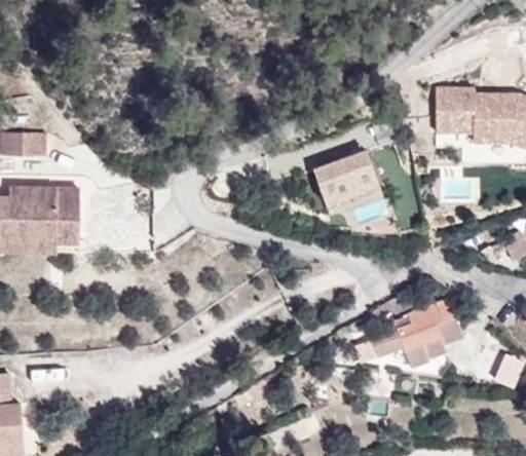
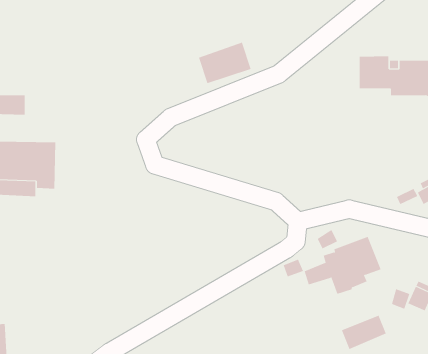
building: [312,152,375,201] -> [198,42,251,84]
building: none -> [341,315,386,350]

